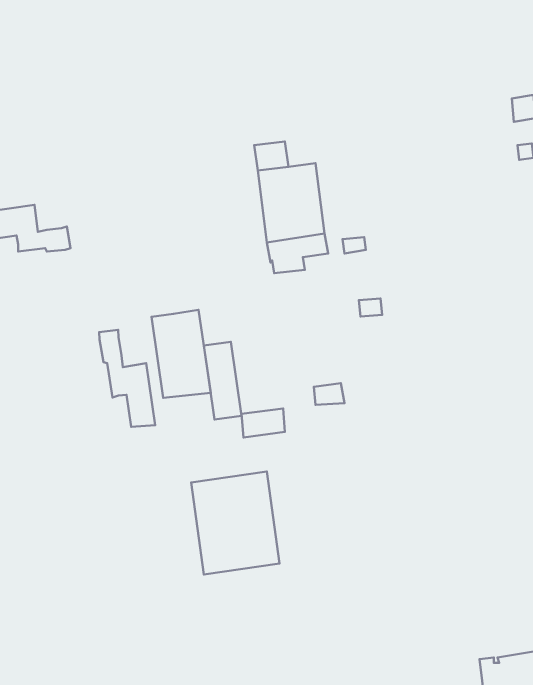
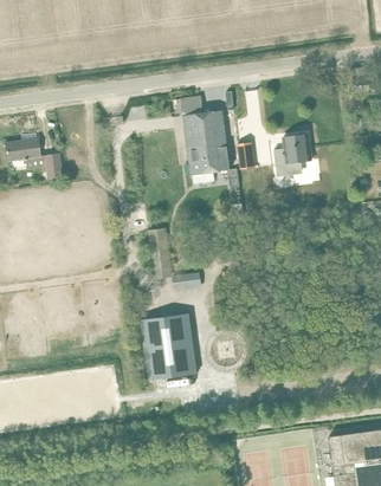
building: none -> [273,132,311,175]
building: [151,310,211,398] -> none
building: [99,330,155,427] -> none

